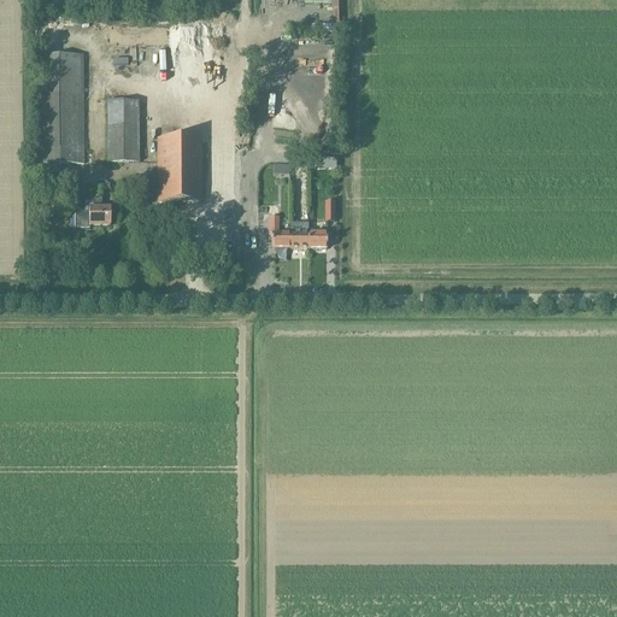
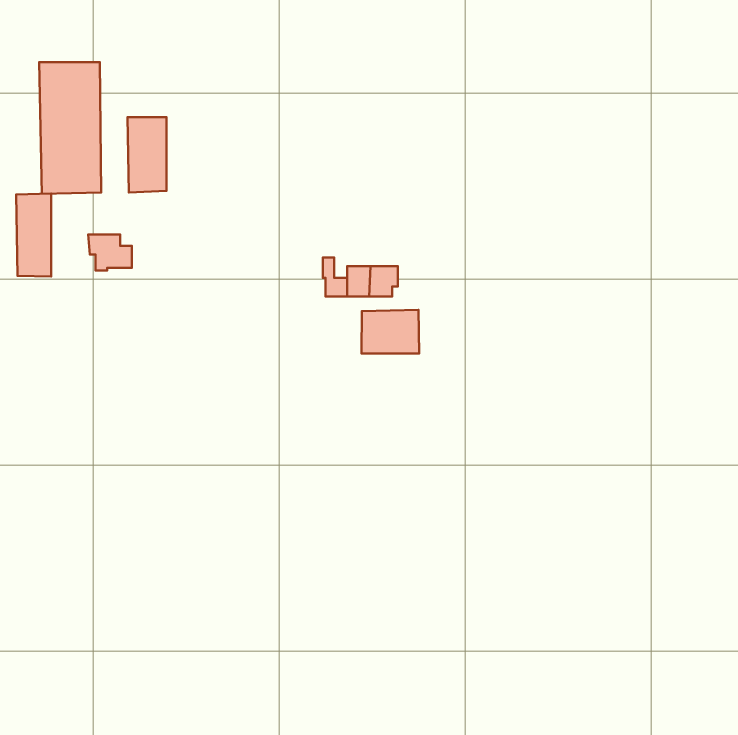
building: [158,136,202,199] -> none
building: none -> [16,194,51,277]
building: none -> [361,310,419,353]

